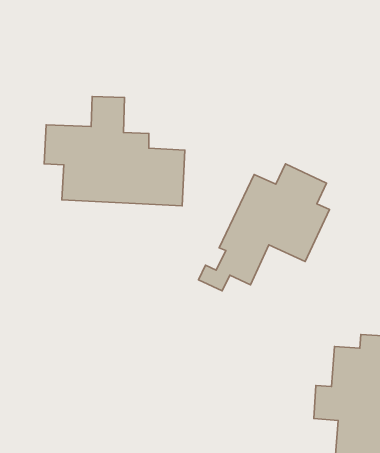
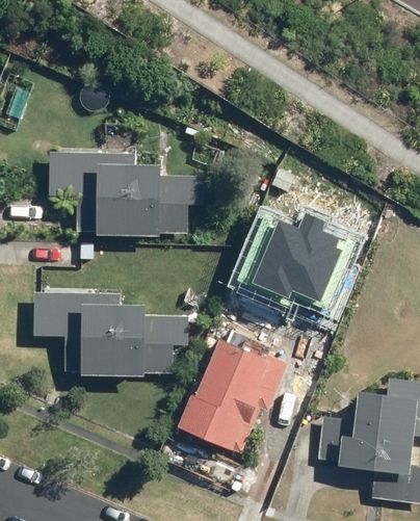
building: none -> [30,290,181,376]
building: none -> [180,331,285,453]

